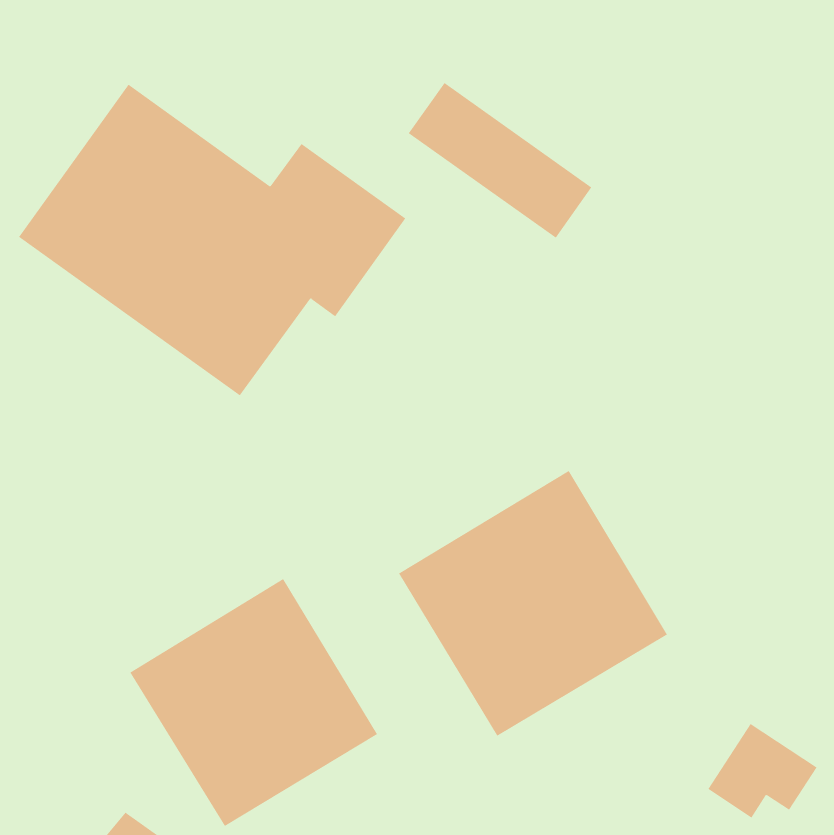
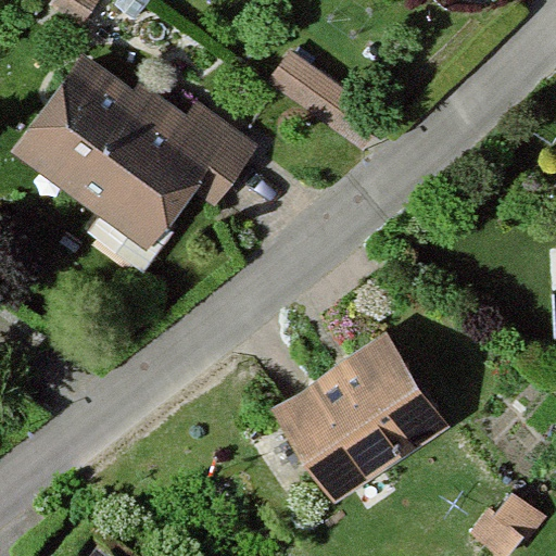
building: [129,578,378,827] -> none

